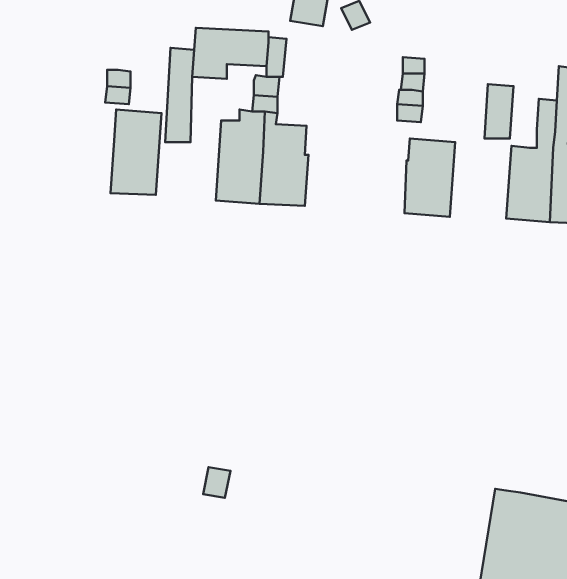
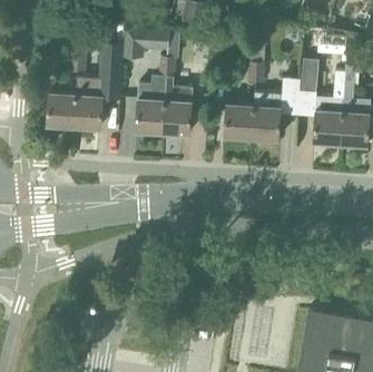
building: none -> [45,95,73,128]
building: none -> [225,107,253,140]

